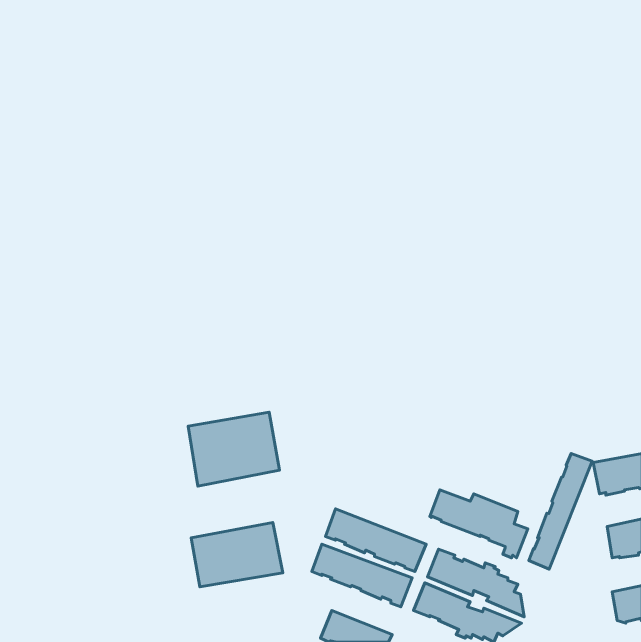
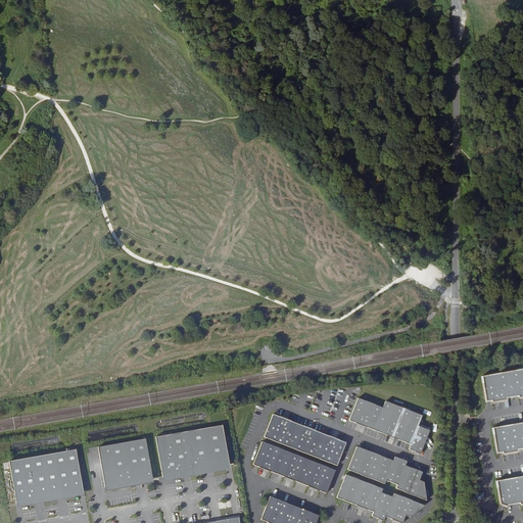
building: [188,412,280,486] -> none
building: [529,453,592,569] -> none
building: none -> [99,439,153,487]
building: none -> [9,449,84,504]

